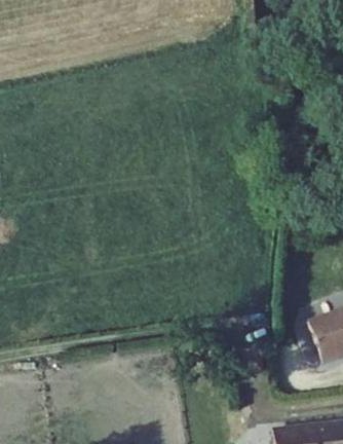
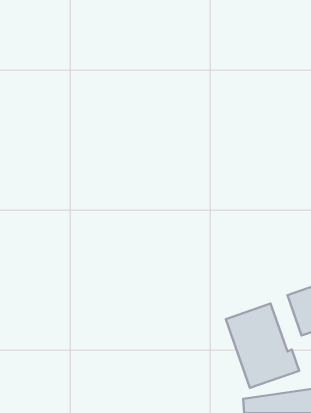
building: none -> [226,304,299,388]

